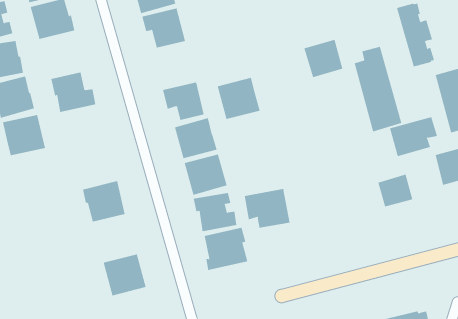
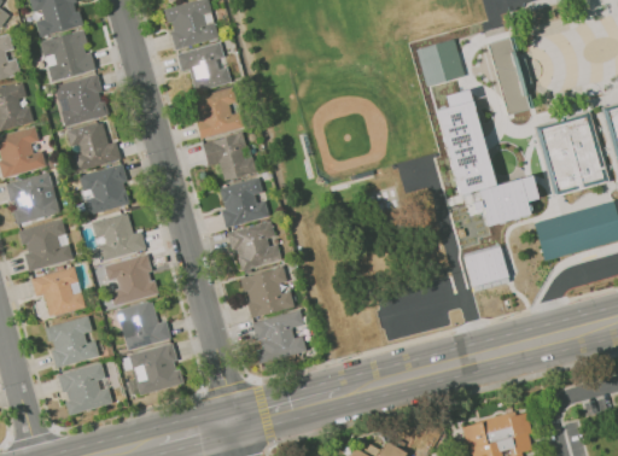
building: none -> [53,74,109,127]
building: [304,39,343,78] -> [415,39,464,86]
building: [217,77,260,120] -> [191,87,244,139]
building: none -> [78,164,129,214]
building: none -> [92,212,146,261]
building: none -> [18,218,72,270]
building: [244,188,290,229] -> none
building: none -> [30,267,84,316]
building: none -> [117,300,171,350]
building: none -> [46,316,99,367]
building: none -> [58,362,112,415]

